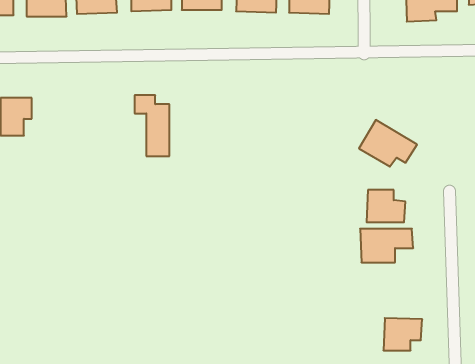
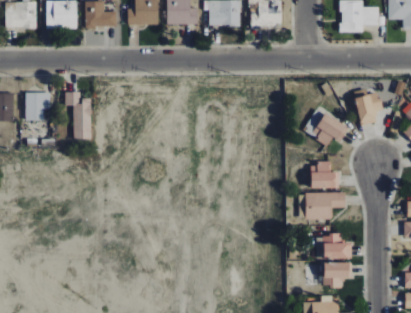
building: [135,95,169,156] -> [64,92,91,139]
building: none -> [353,92,381,126]
building: none -> [322,234,351,259]

